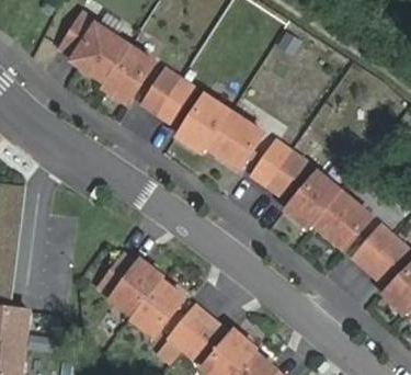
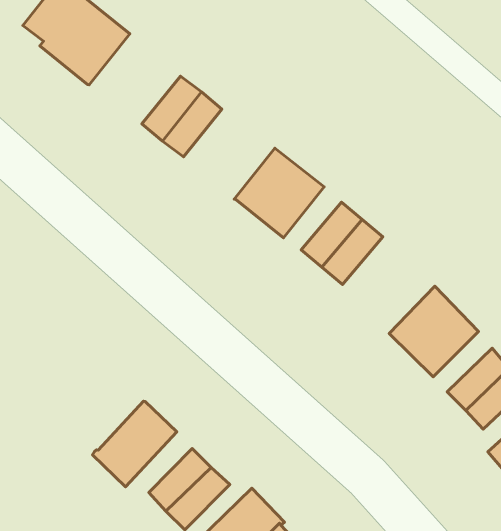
building: [100,45,151,101] -> none
building: [175,93,227,150] -> none
building: [284,170,338,227] -> none
building: [96,254,161,315] -> none

